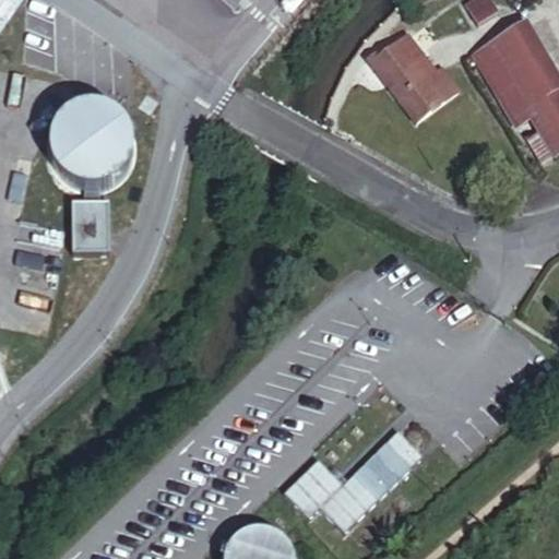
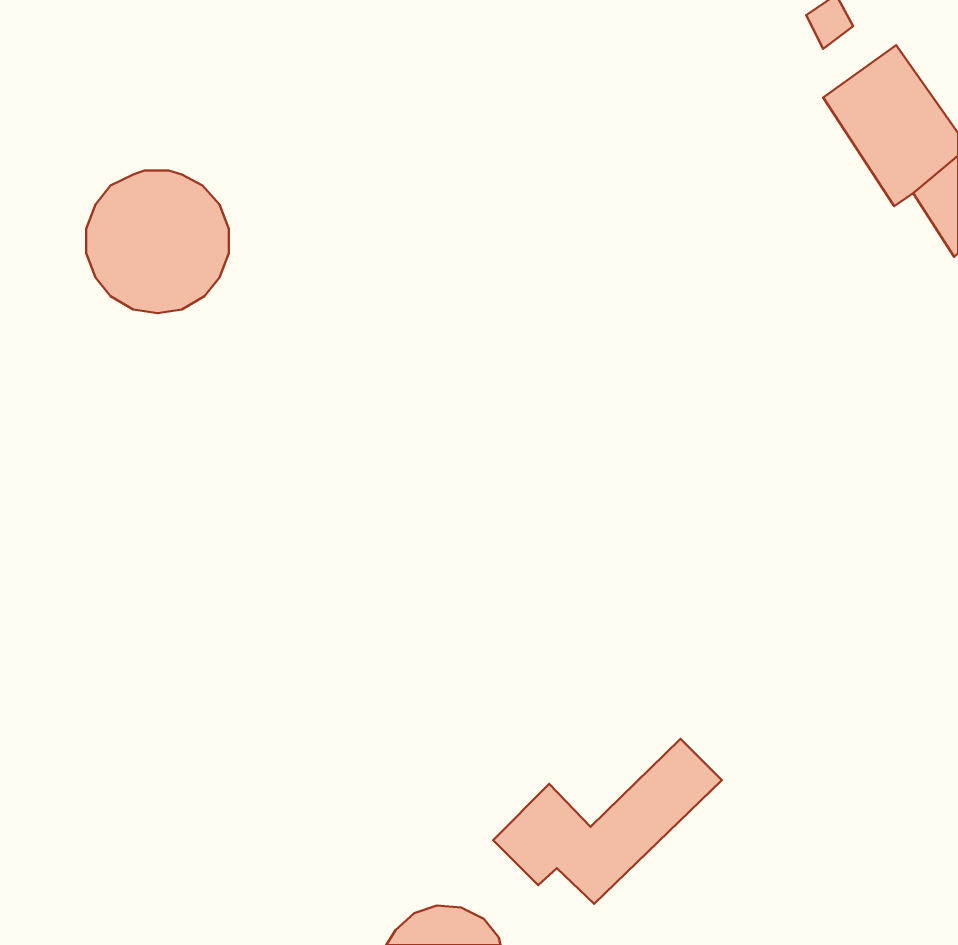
building: [378,47,449,124] -> none
building: [72,197,108,246] -> none

